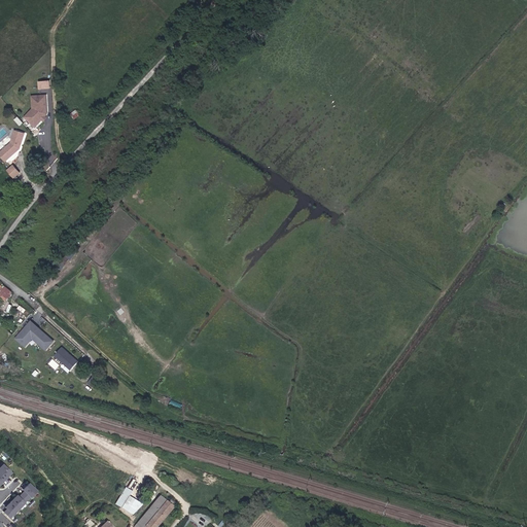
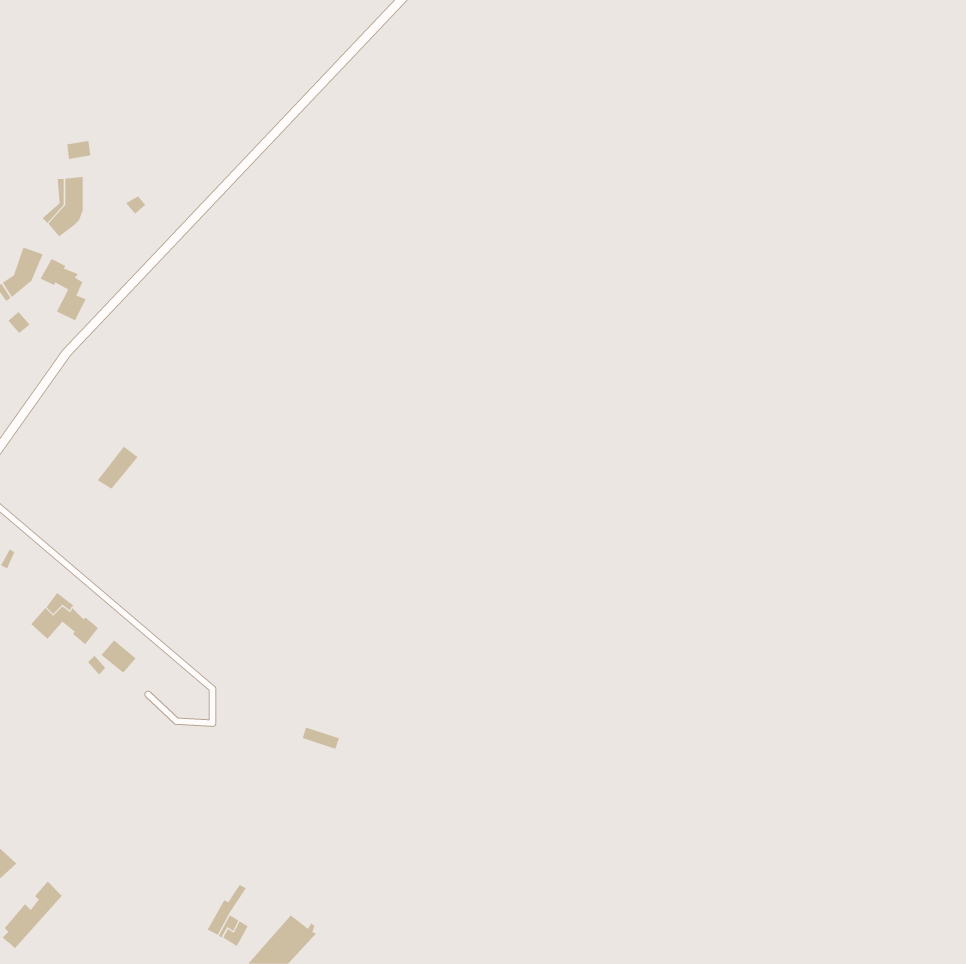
building: none -> [40,258,87,321]

